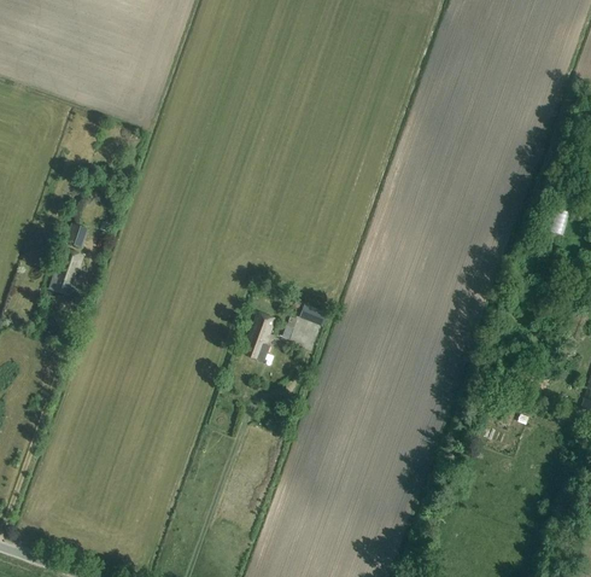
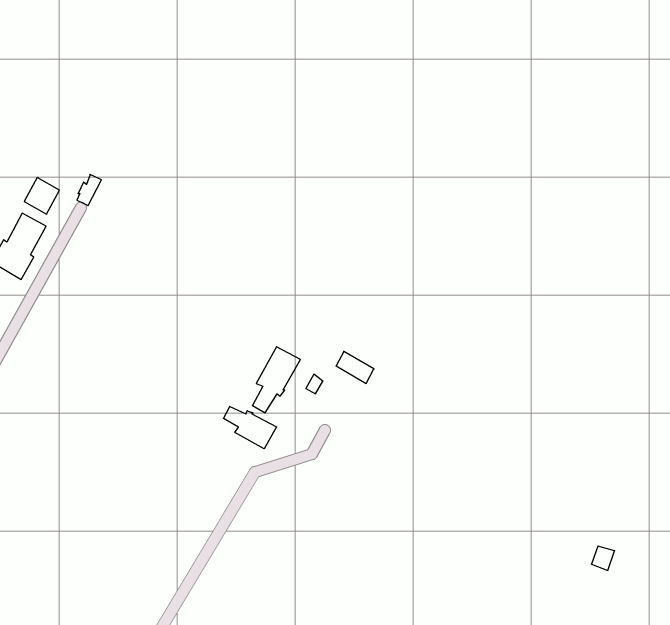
building: none -> [223,406,277,449]

